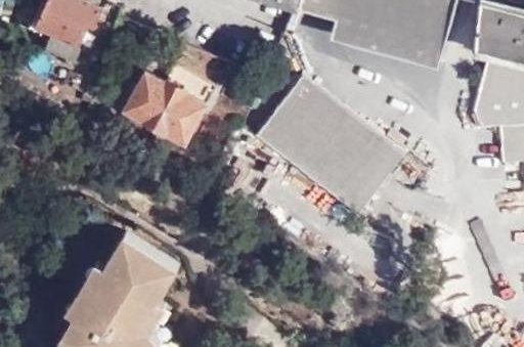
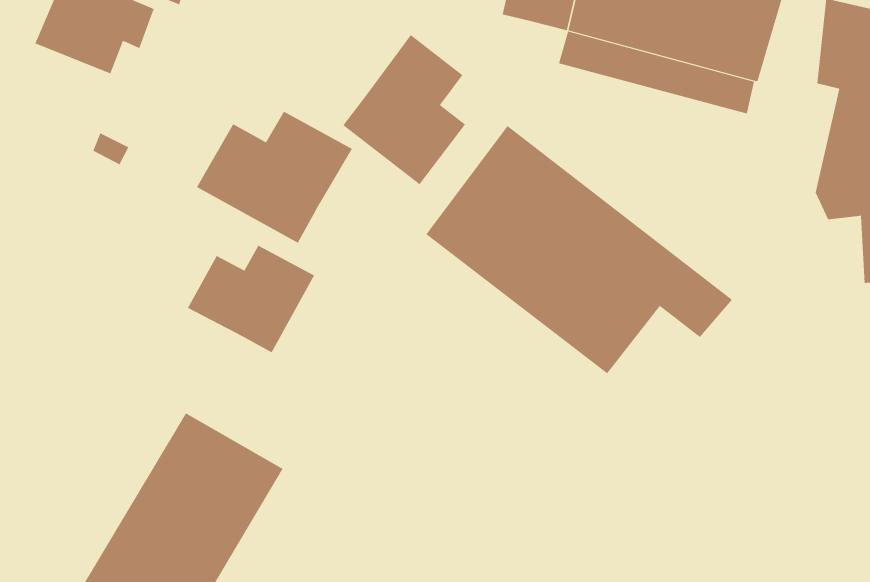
building: none -> [342,34,466,185]
building: none -> [187,245,315,353]

